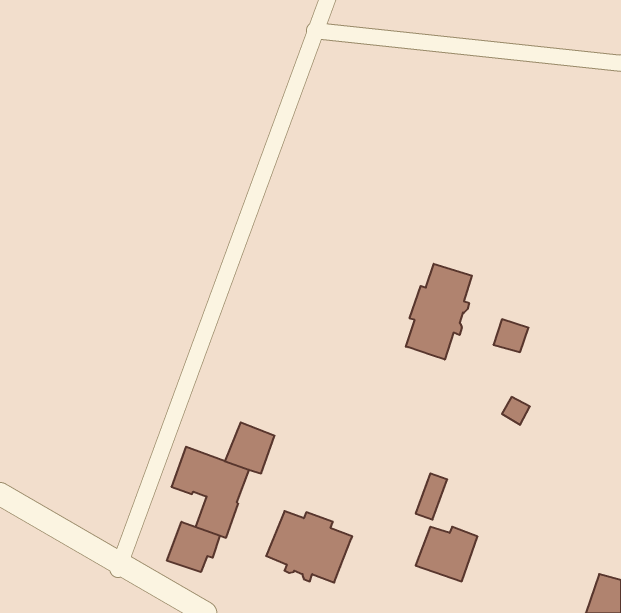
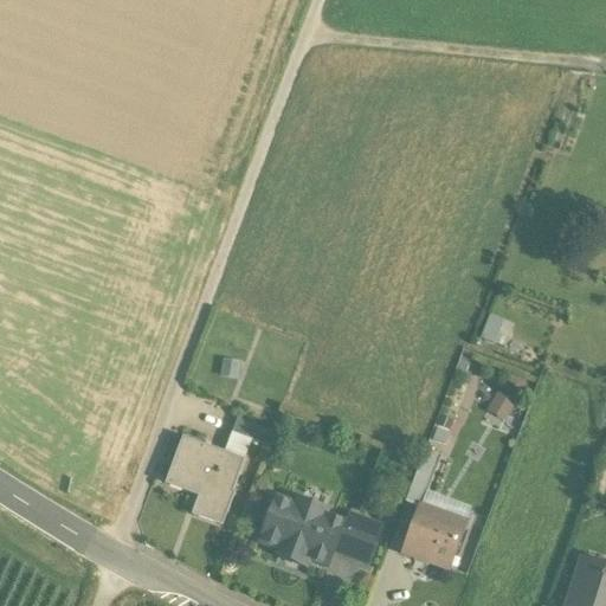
building: [406,264,472,360] -> none
building: [167,522,220,572] -> none
building: none -> [331,515,381,567]

